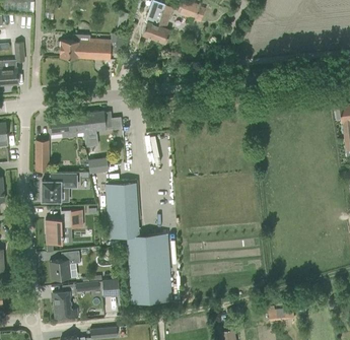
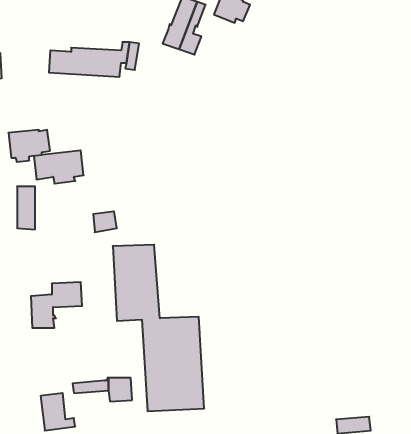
building: [81,112,112,135] -> [8,130,50,162]
building: [41,174,76,201] -> none
building: [50,251,79,280] -> none

